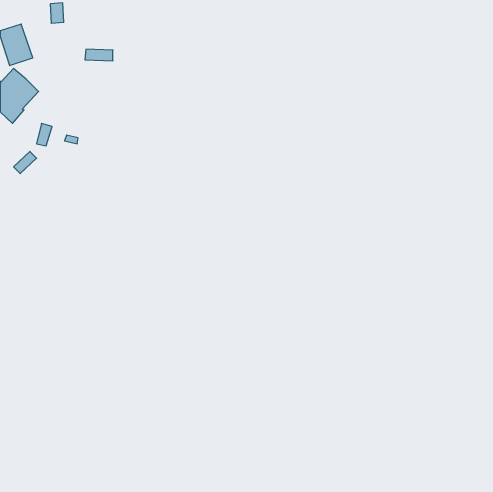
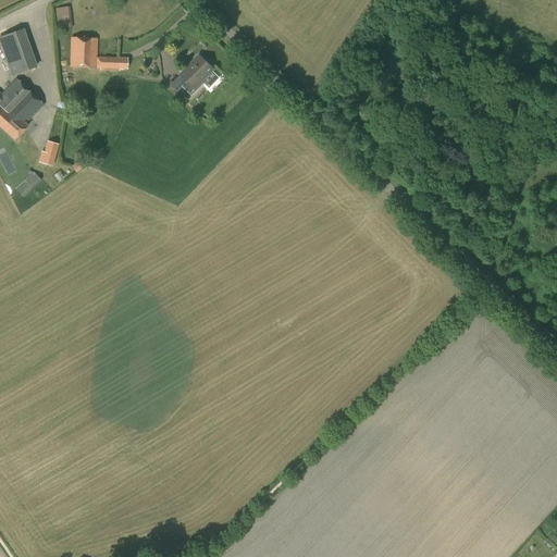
building: none -> [70,36,97,67]
building: none -> [182,54,215,96]

